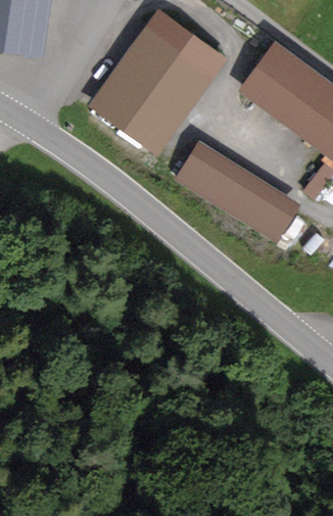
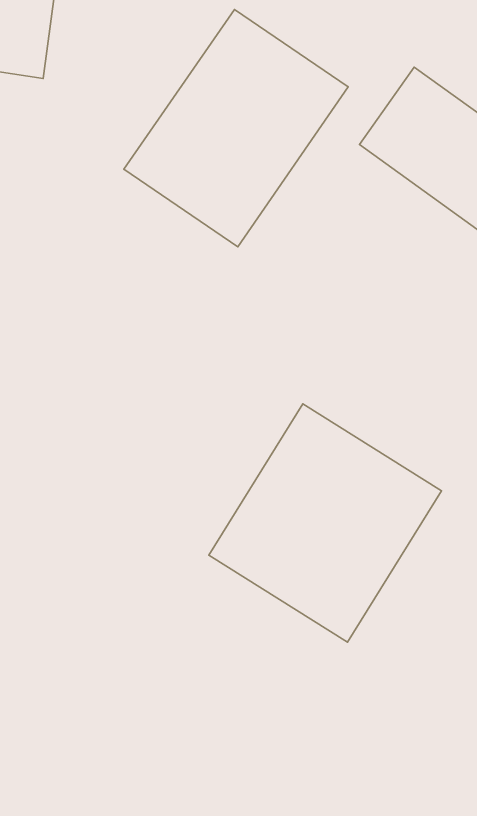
building: [177,141,295,236] -> none
building: none -> [209,404,441,642]

